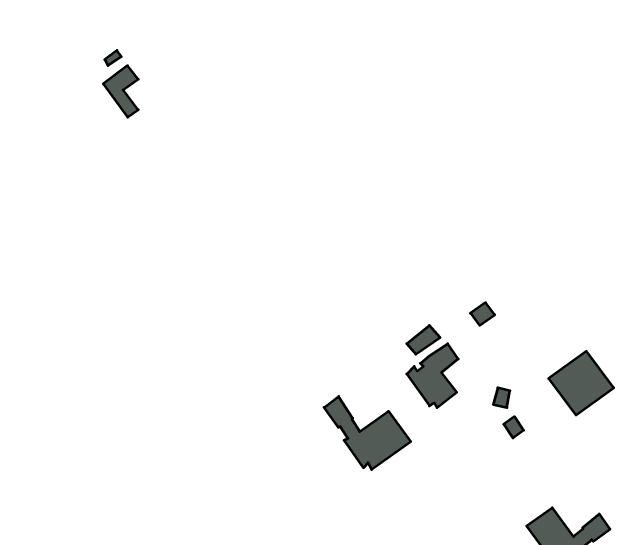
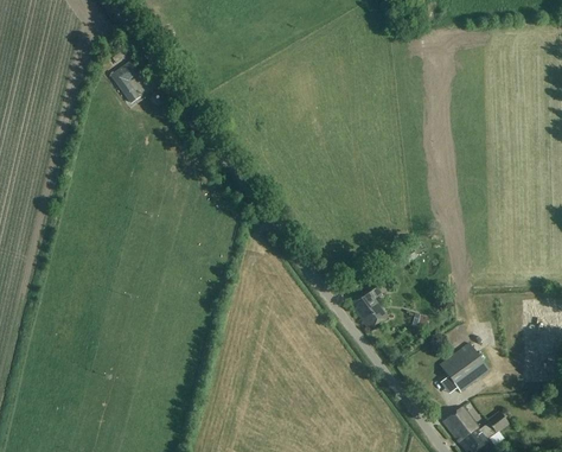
building: [549,351,614,415] -> [440,342,491,391]
building: [324,396,411,470] -> none

